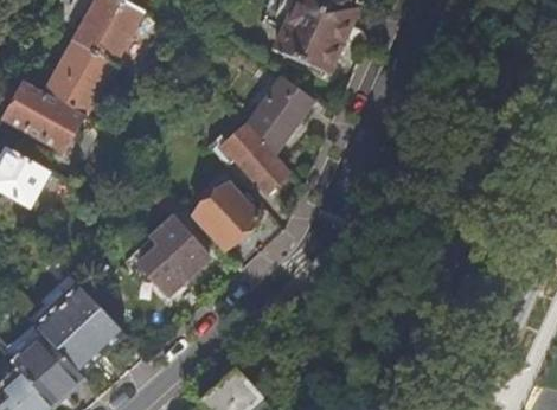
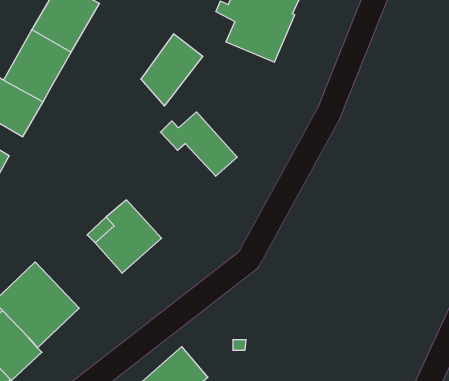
building: [249,77,314,153] -> [141,34,203,106]
building: [194,186,258,250] -> none

